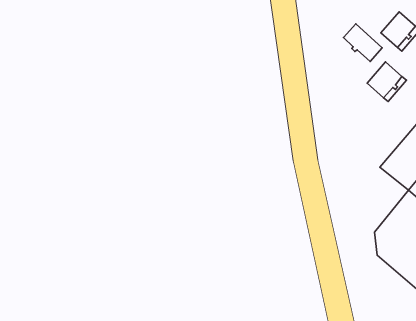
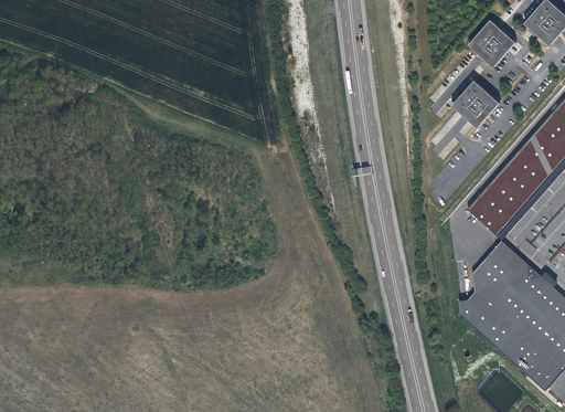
building: [344,24,382,61] -> none

